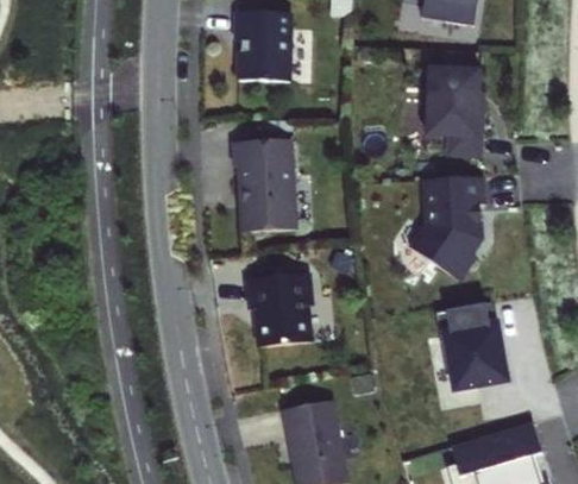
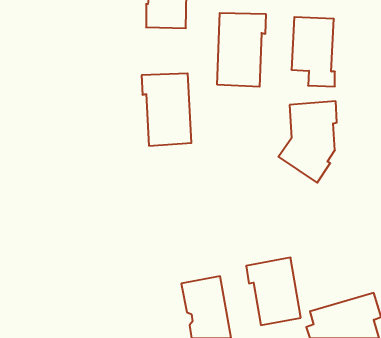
building: none -> [217,13,266,87]
building: [246,274,313,347] -> none
building: [435,302,505,389] -> [246,258,301,325]

